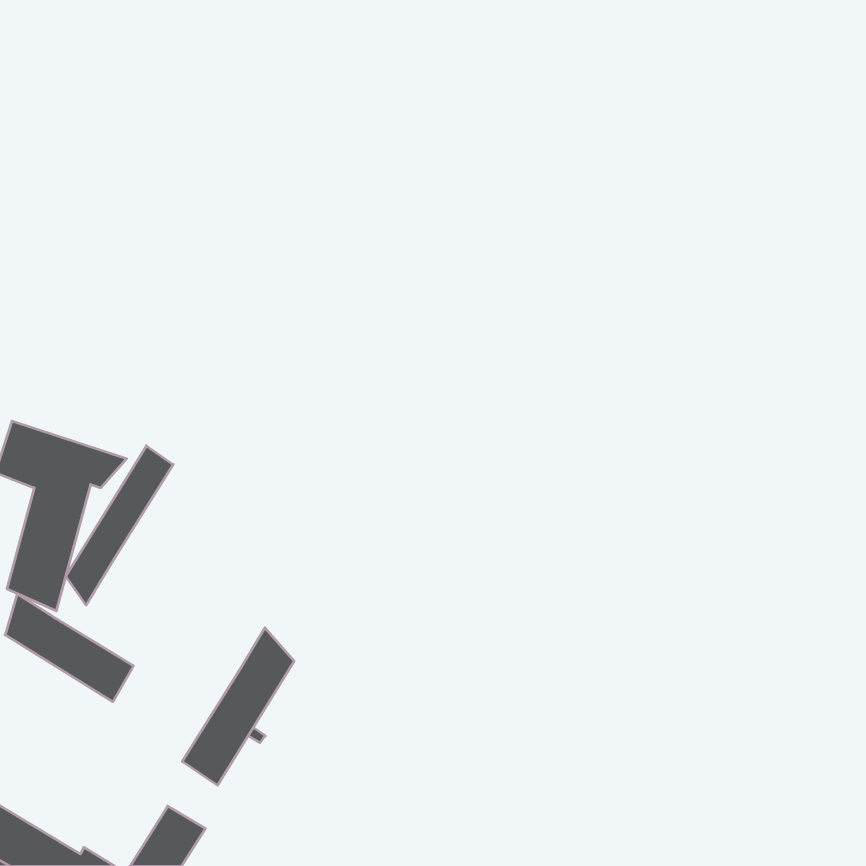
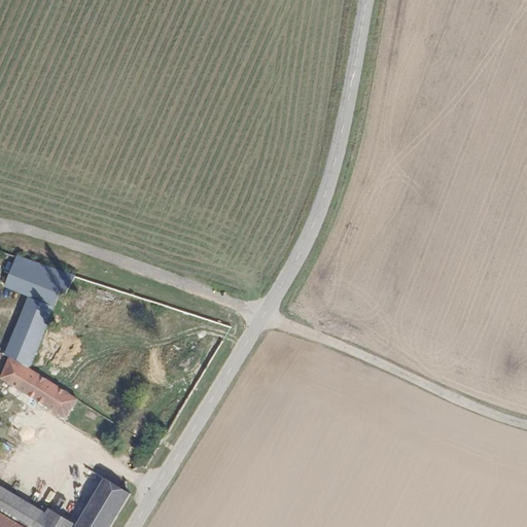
building: [66,446,173,605] -> none
building: [182,628,294,785] -> none

